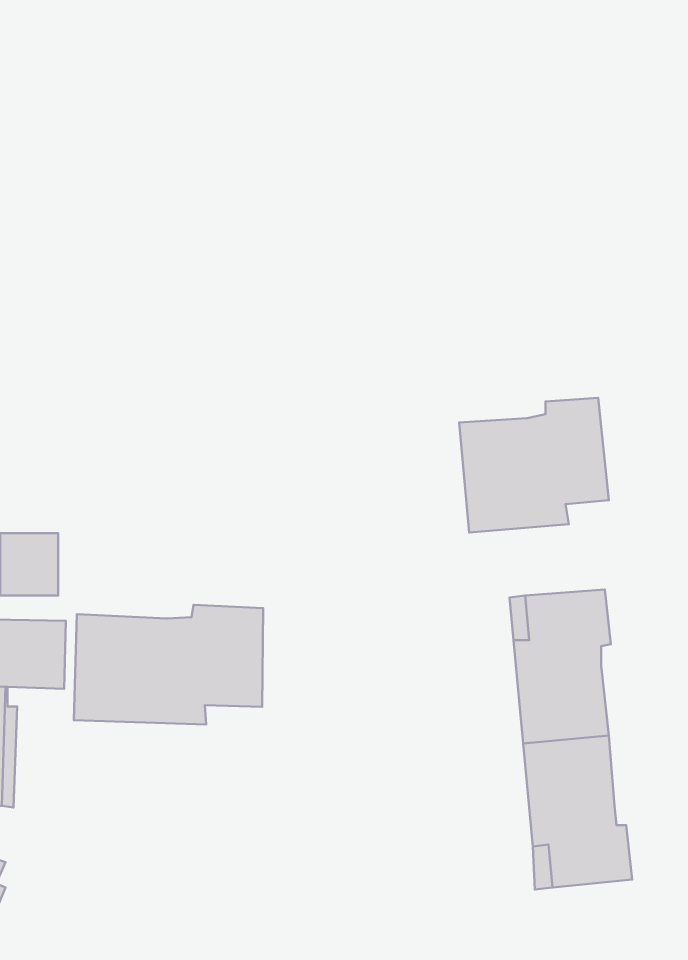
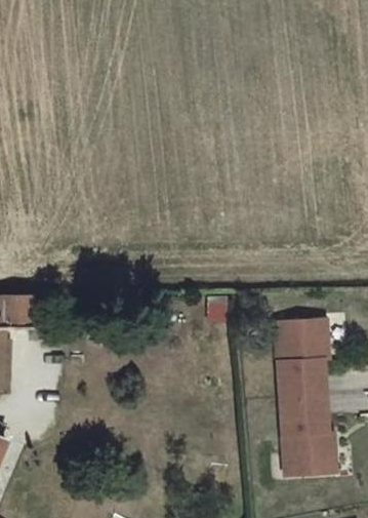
building: [459,398,609,533] -> none
building: [74,605,263,724] -> none

